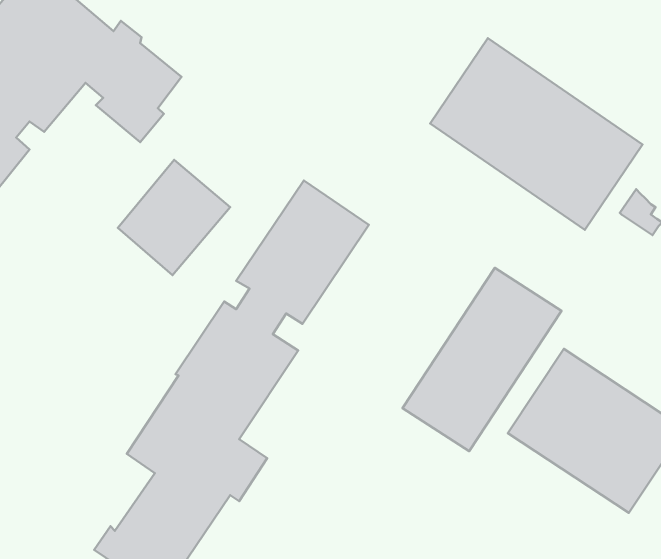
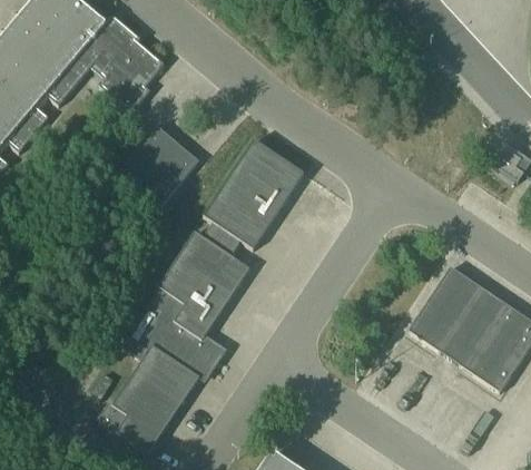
building: [430,38,642,230] -> none
building: [402,268,561,451] -> none

